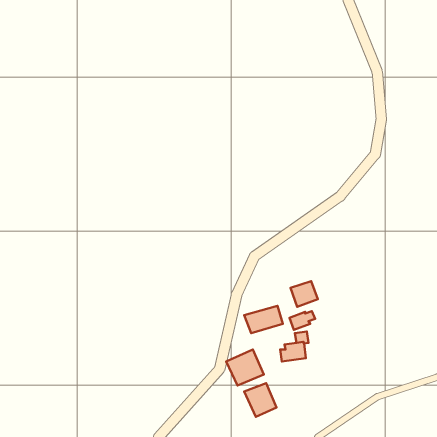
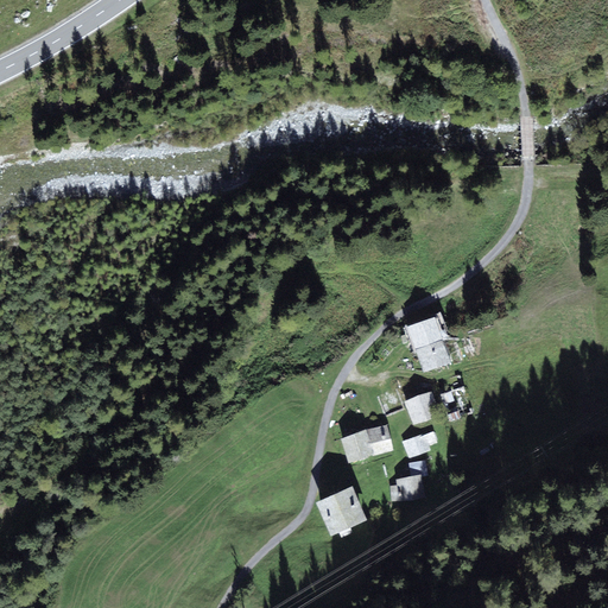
building: none -> [405,316,451,370]
building: [244,383,277,417] -> none

